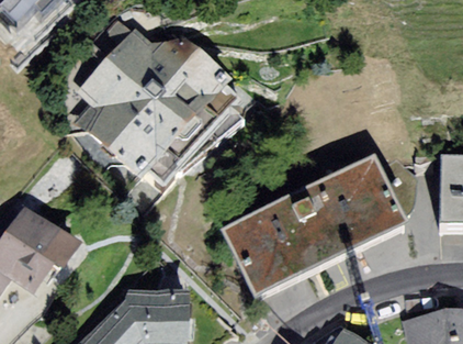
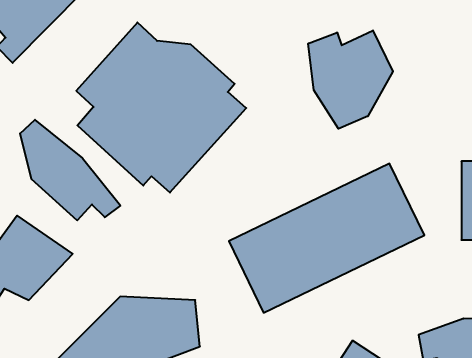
building: none -> [308,30,393,129]
building: none -> [20,120,120,220]

